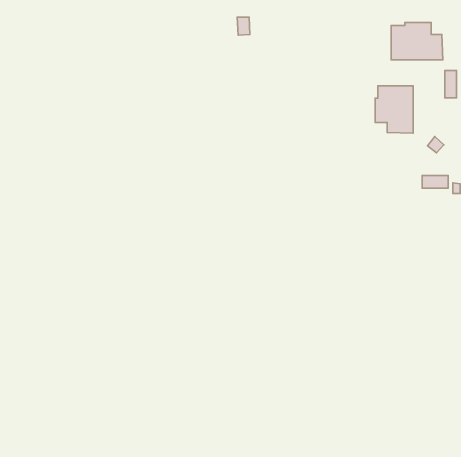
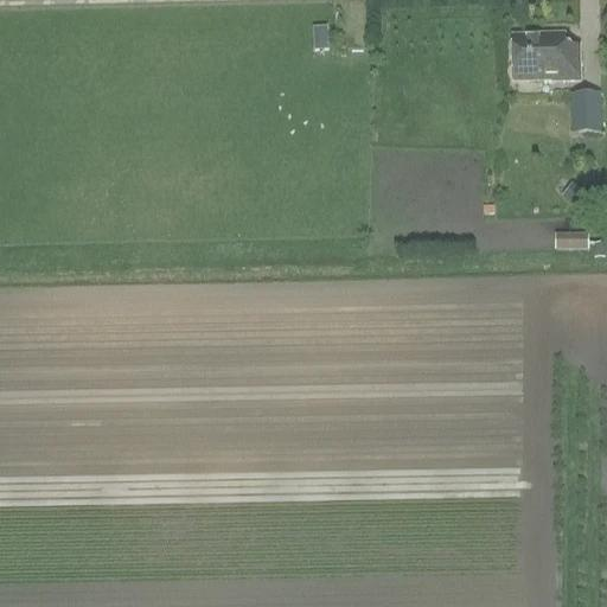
building: [375,86,413,133] -> none

